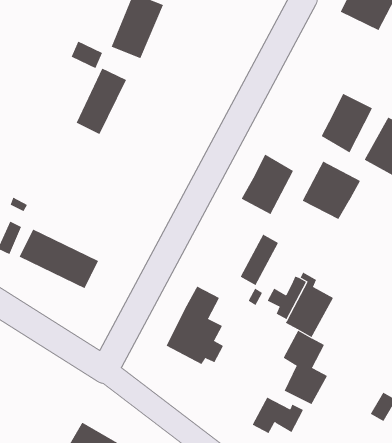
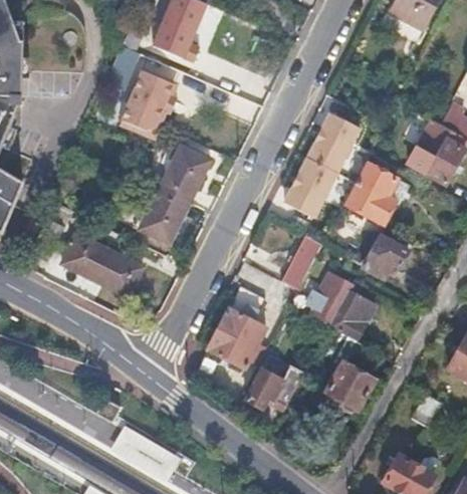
building: [321,93,373,153] -> [307,113,360,174]
building: none -> [138,144,209,242]
building: none -> [363,234,408,276]
building: [252,397,304,434] -> [247,368,299,406]

